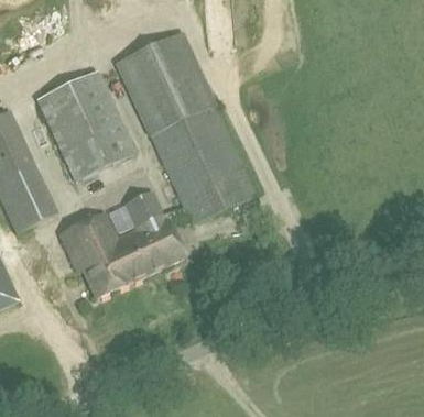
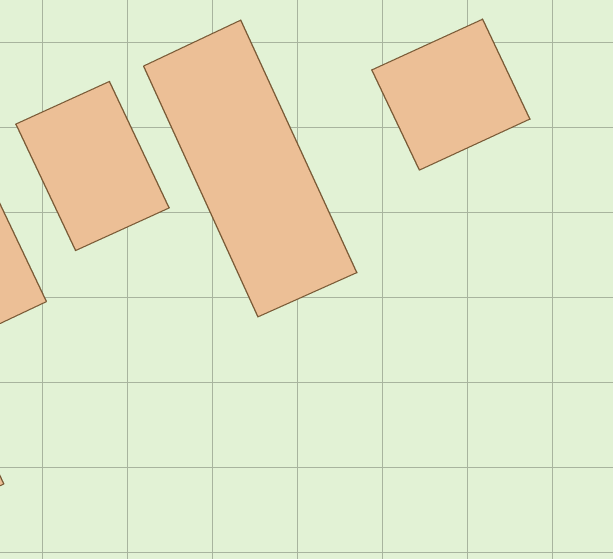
building: none -> [372,19,530,170]
building: [61,191,185,296] -> none

